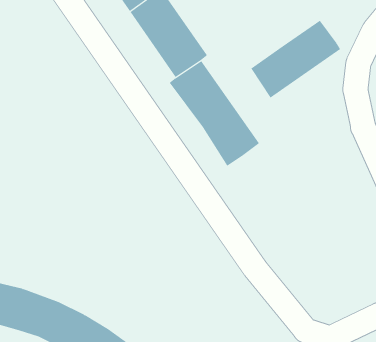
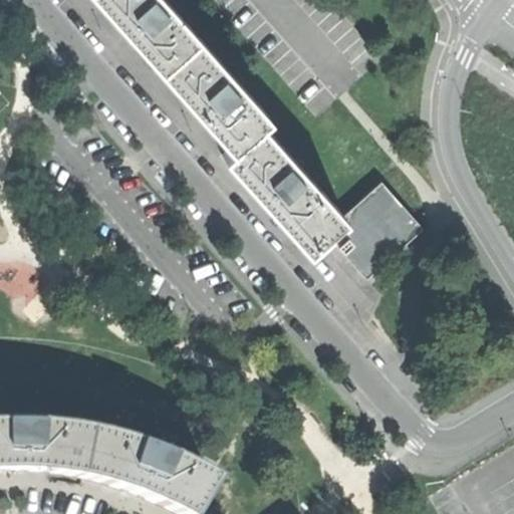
building: [250,20,341,99] -> none
building: none -> [321,180,419,276]

